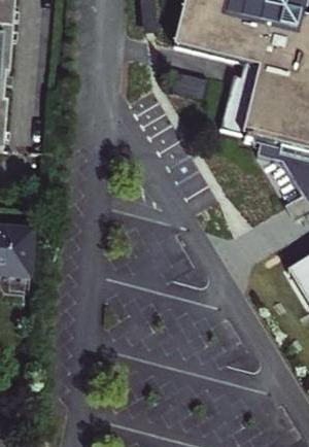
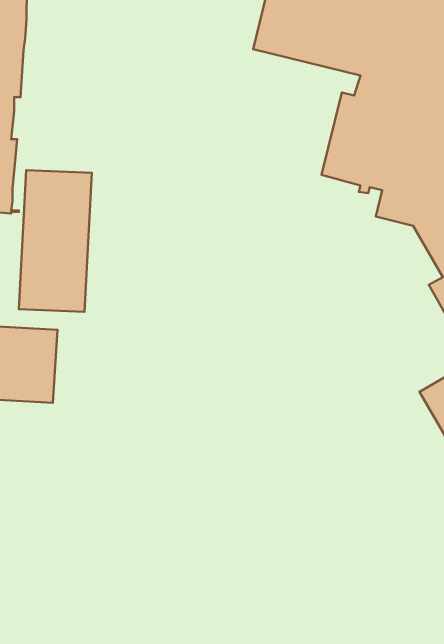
building: none -> [19,170,92,312]

